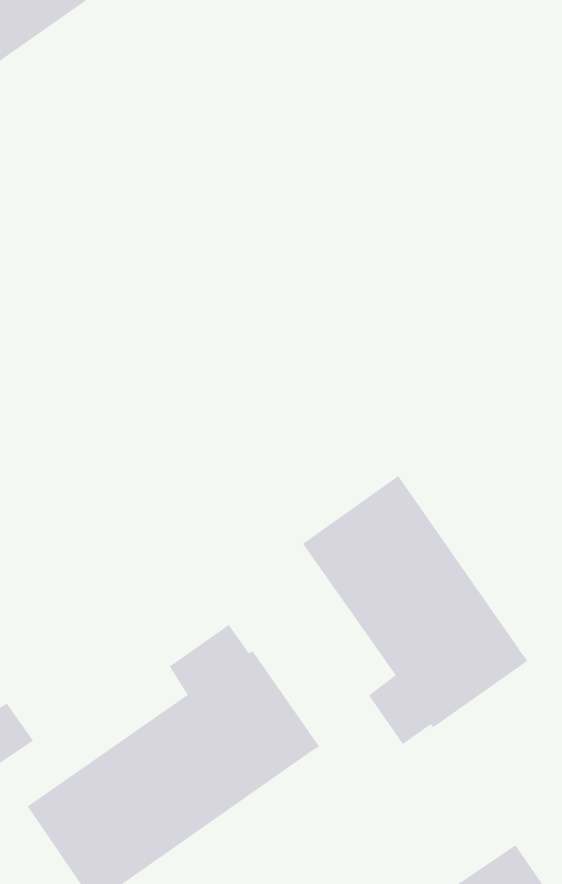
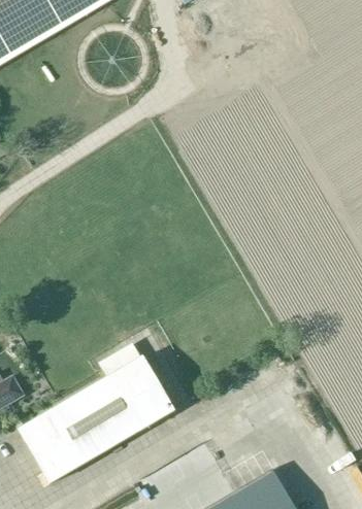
building: [302,475,528,745] -> none

